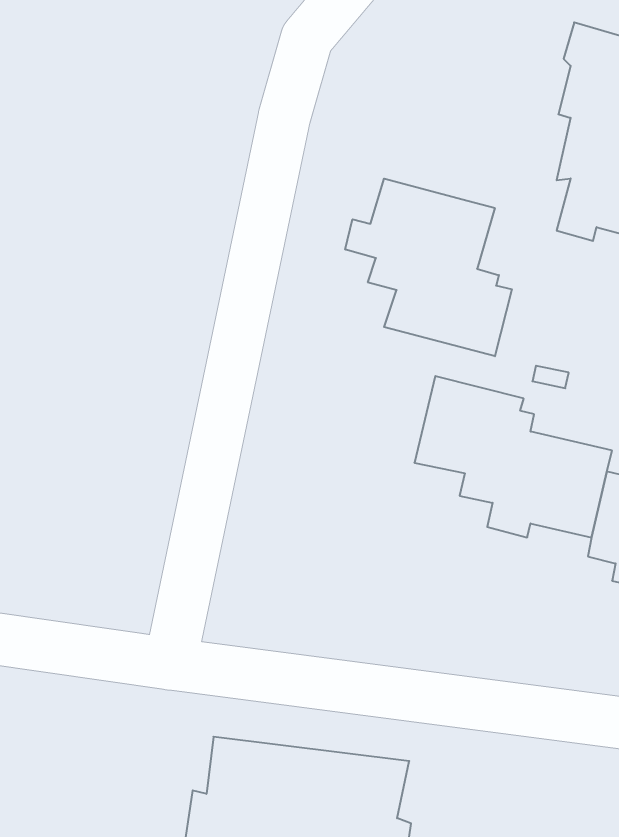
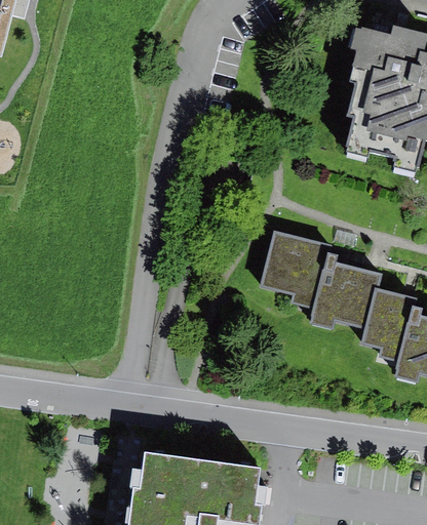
building: [345,179,512,356] -> none

